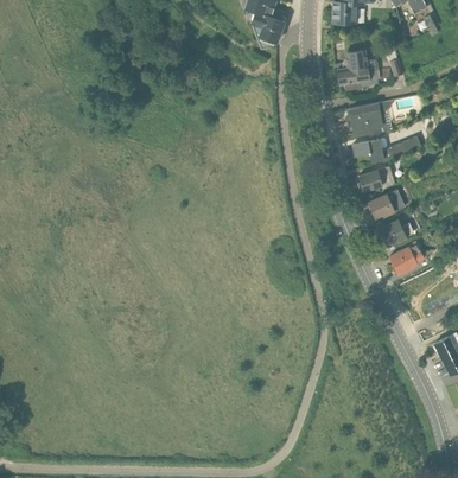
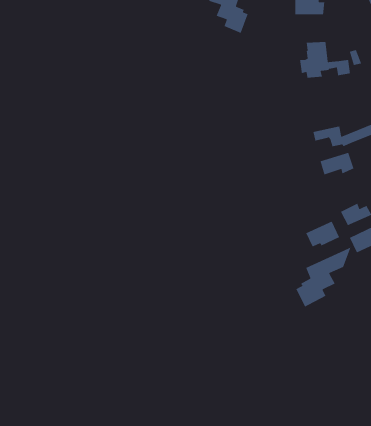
building: [344,102,384,134] -> none
building: [368,189,405,217] -> [305,220,340,248]
building: none -> [295,246,352,308]

